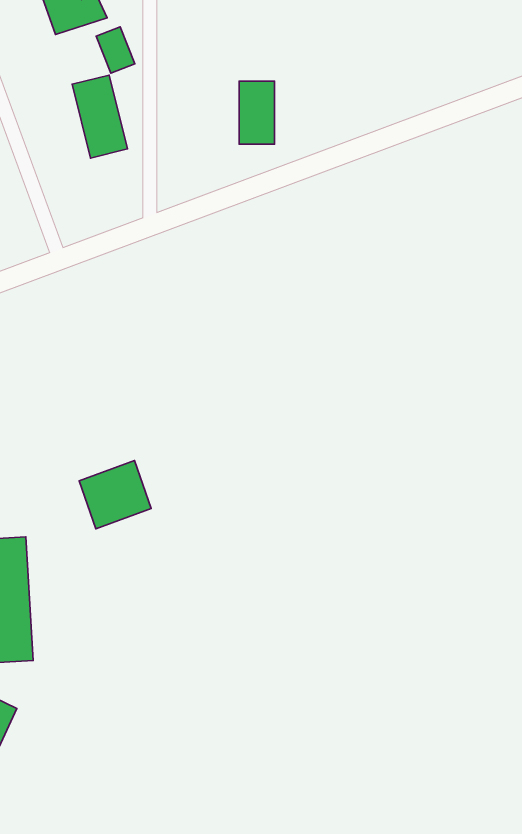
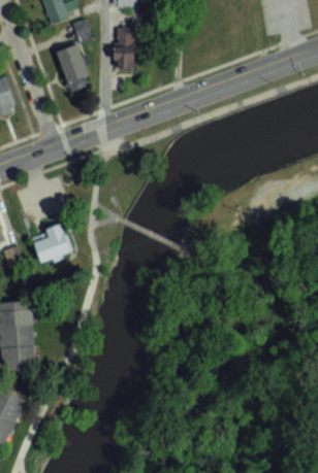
building: [239,81,274,144] -> [115,32,134,67]
building: [79,460,151,529] -> [32,224,72,262]

